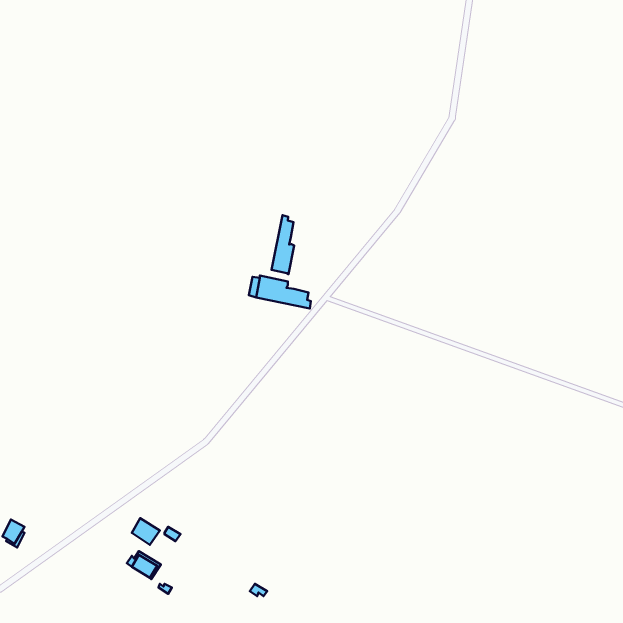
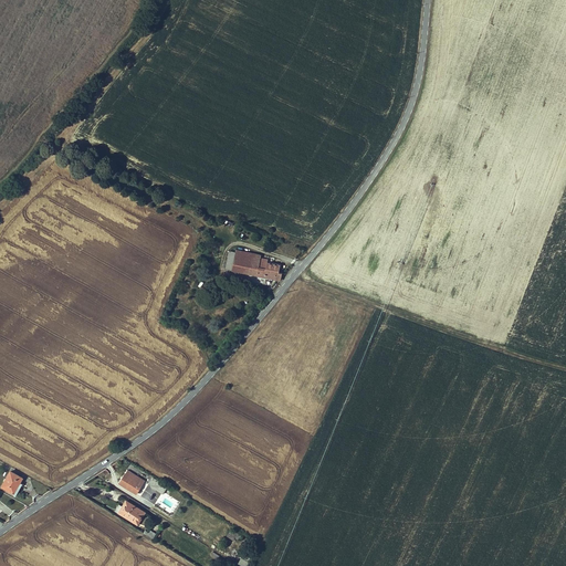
building: [271,215,294,274] -> none

